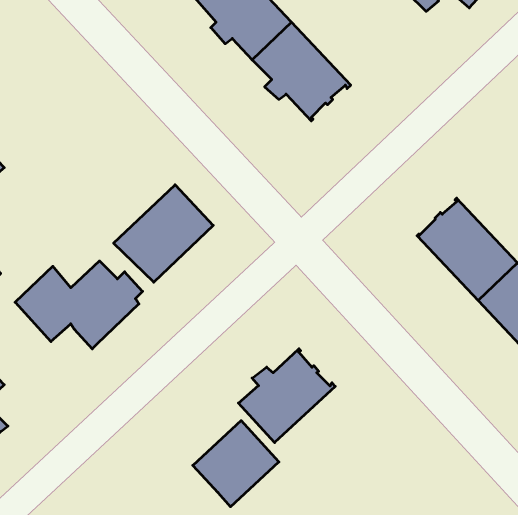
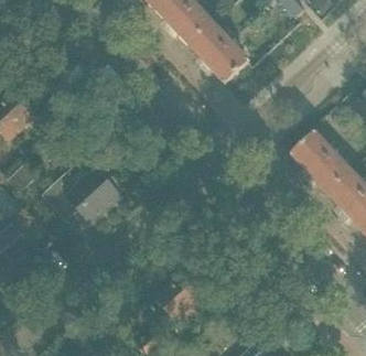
building: [114,185,213,282] -> none
building: [238,349,335,443] -> none

